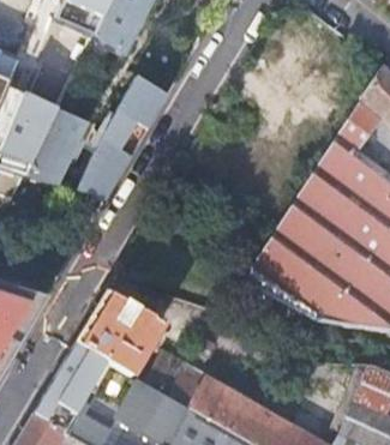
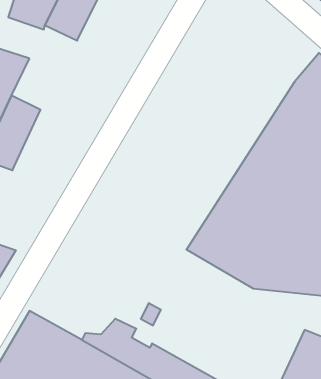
building: [73,79,167,204] -> none
building: [73,293,161,375] -> none

